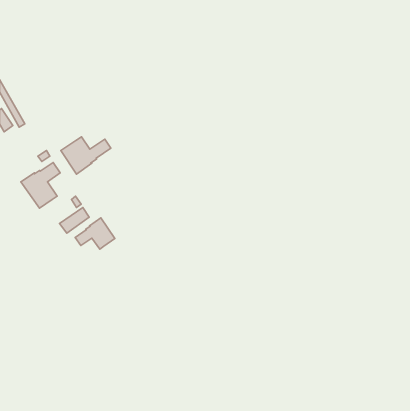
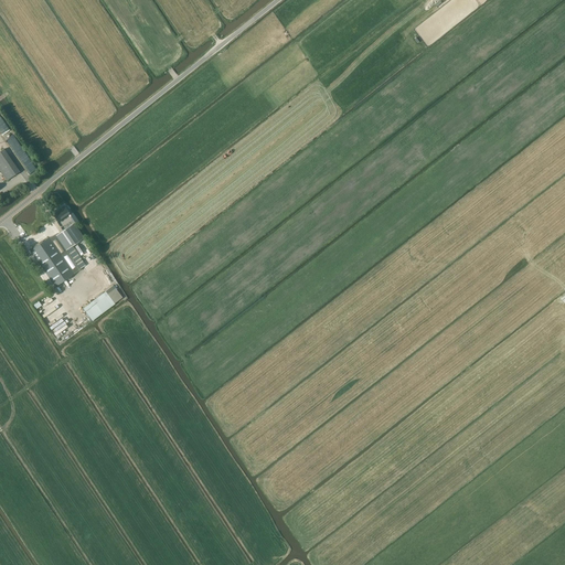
building: [61,137,111,174] -> none
building: [75,218,115,249] -> none

